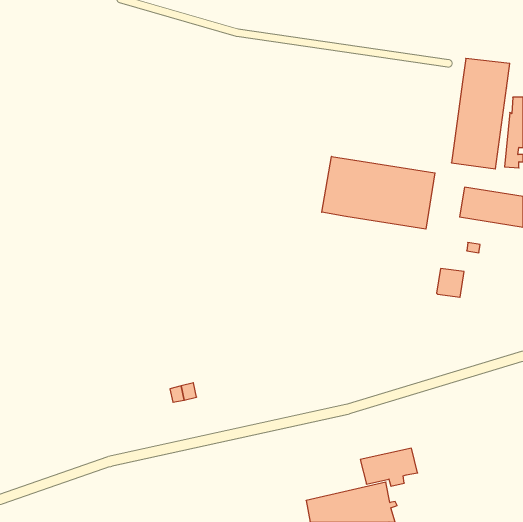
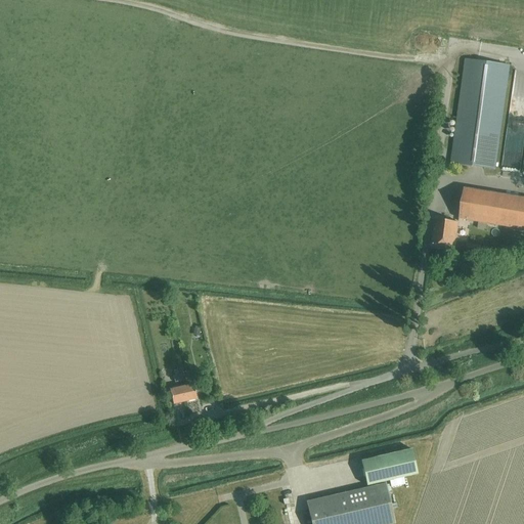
building: [322,156,435,229] -> none
building: [437,269,464,297] -> [431,218,458,247]

